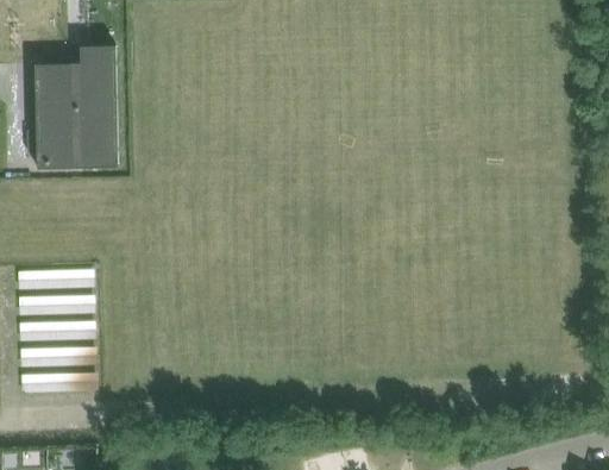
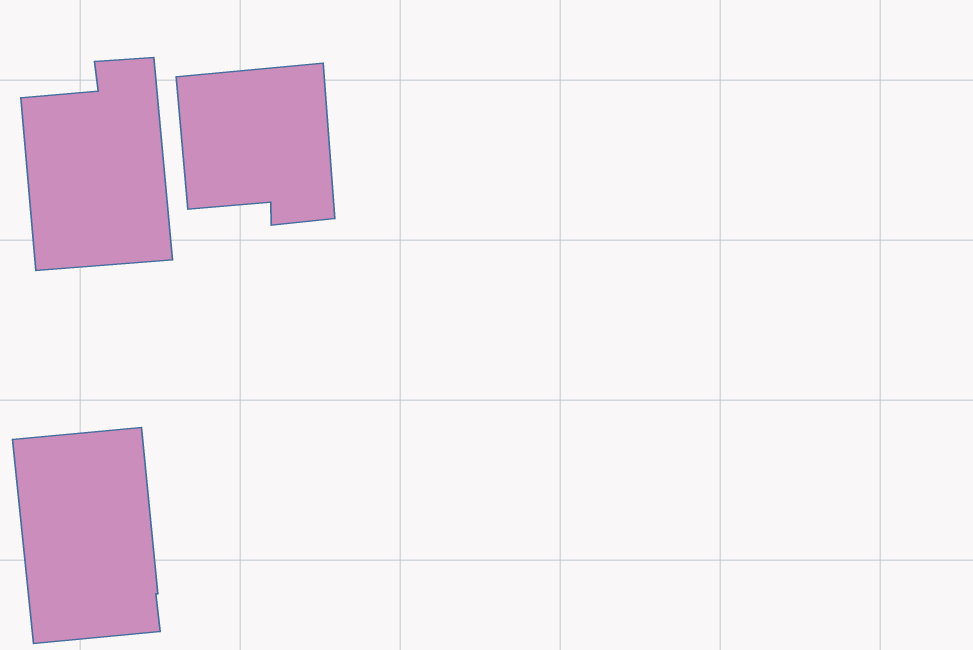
building: none -> [176,63,335,225]

